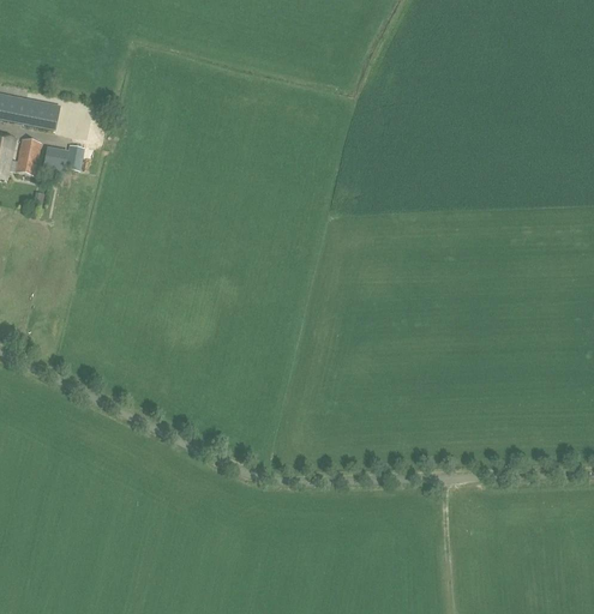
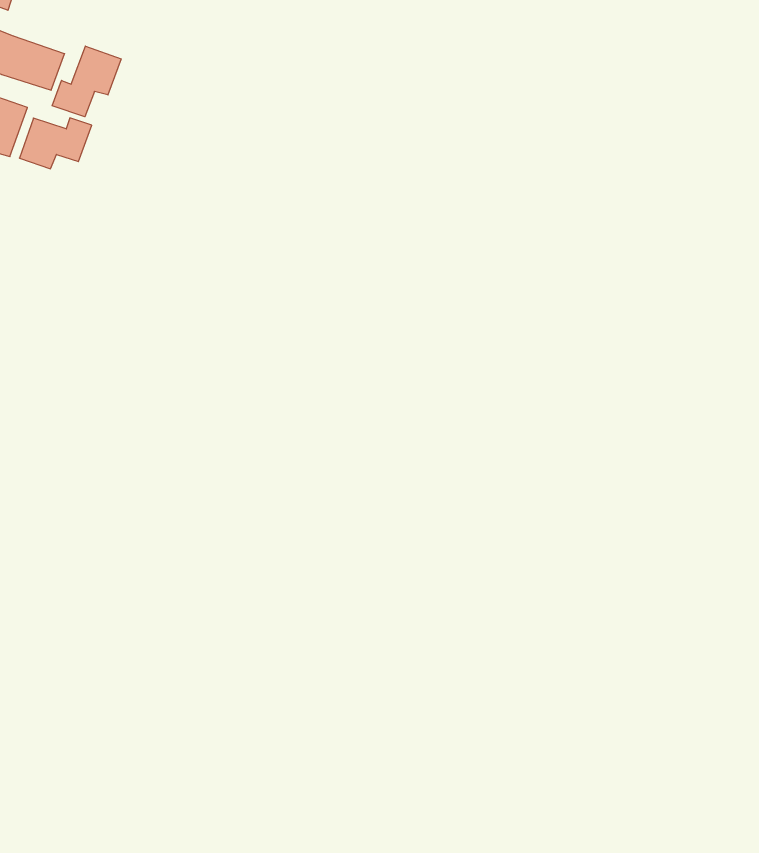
building: none -> [52,46,121,117]

